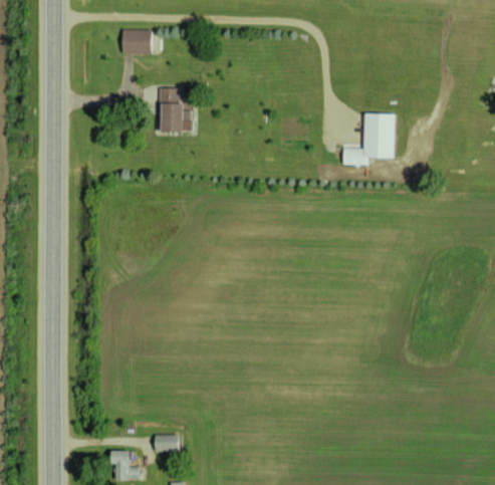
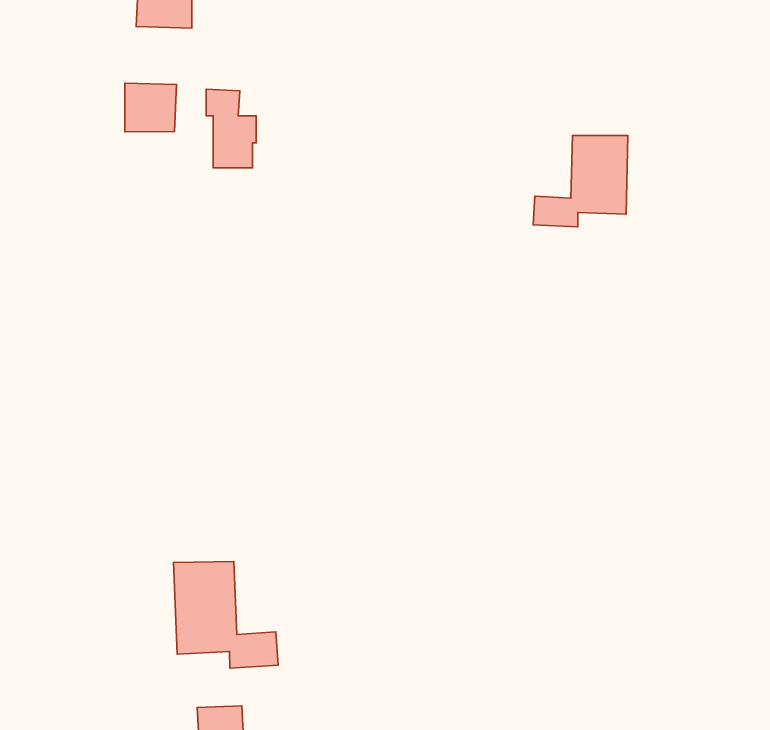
building: none -> [125,83,177,132]
building: none -> [174,562,278,668]

